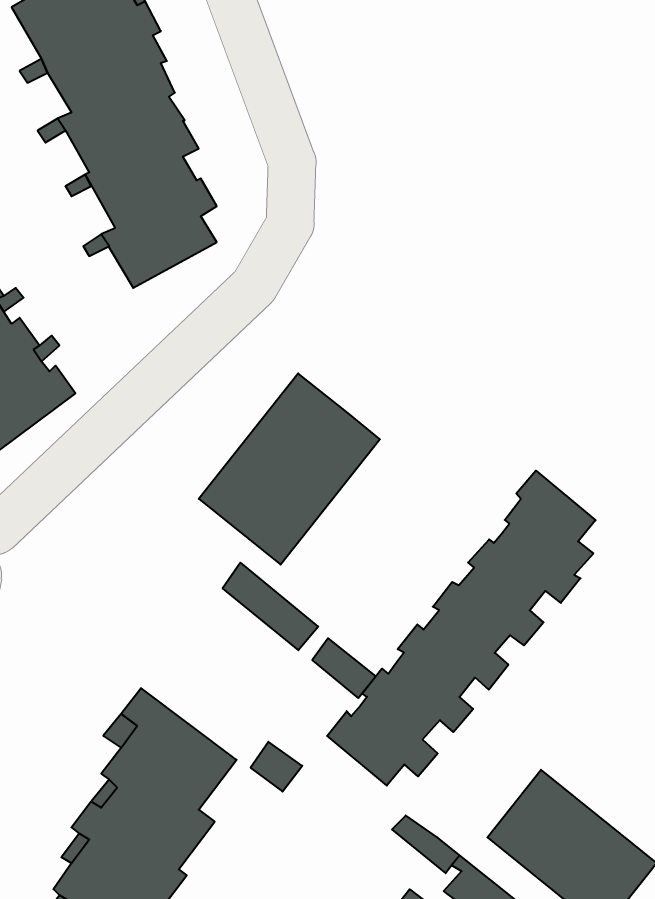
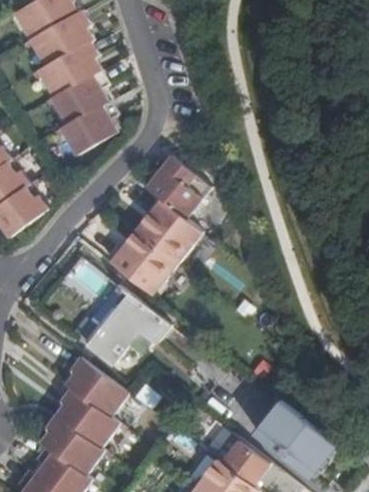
building: none -> [143,155,209,218]
building: [327,471,596,786] -> none
building: none -> [84,306,158,362]

